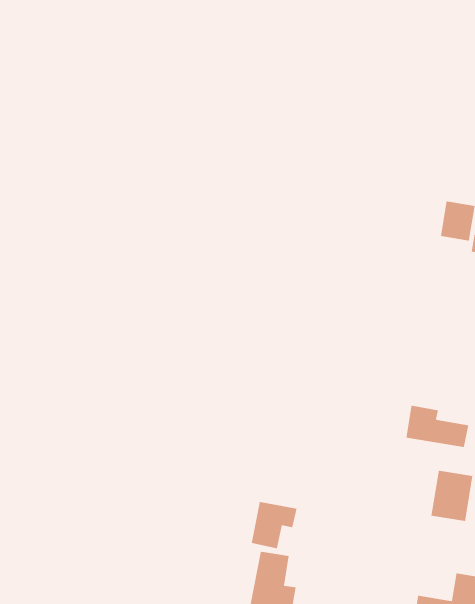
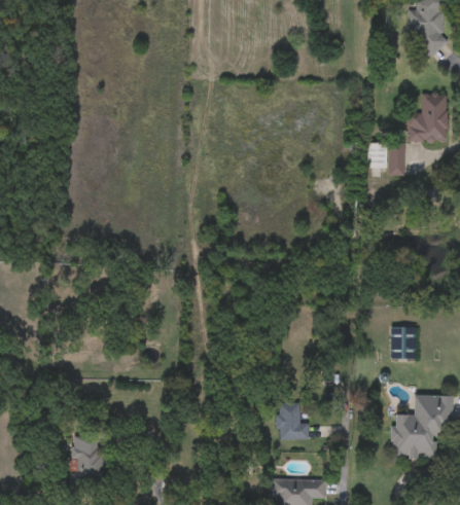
building: [406,405,469,448] -> none
building: [251,501,297,549] -> none

